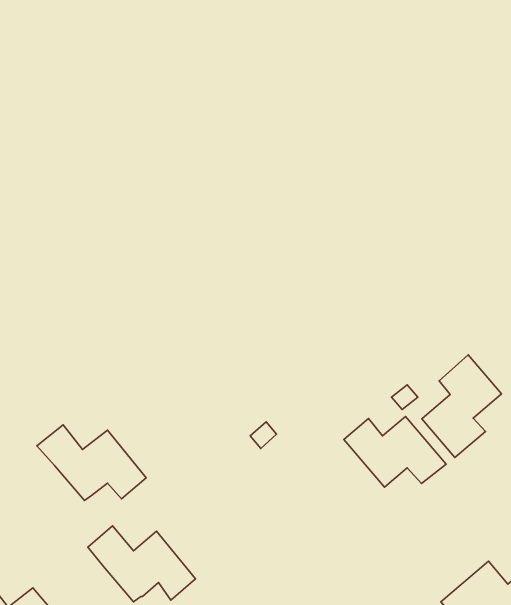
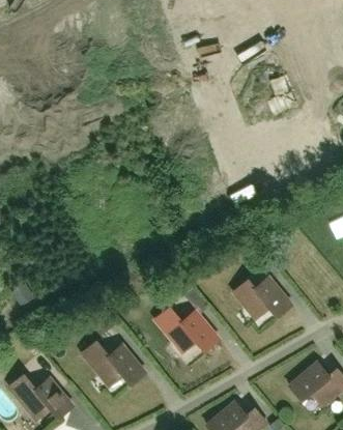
building: [422,355,501,458] -> none
building: [37,425,146,501] -> [154,307,219,351]

